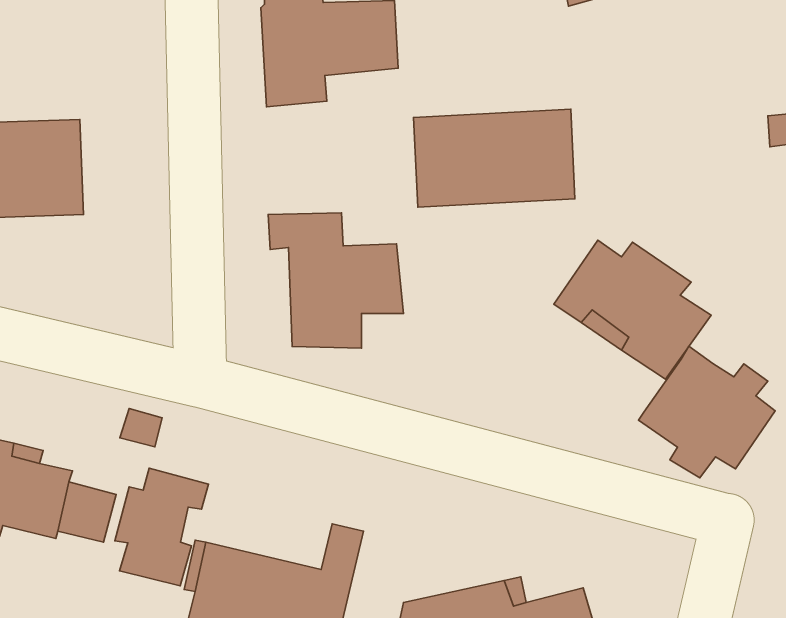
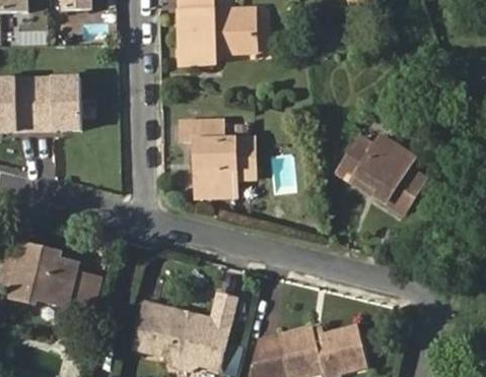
building: [414,109,575,207] -> none
building: [638,346,775,478] -> none
building: [115,468,208,586] -> none

